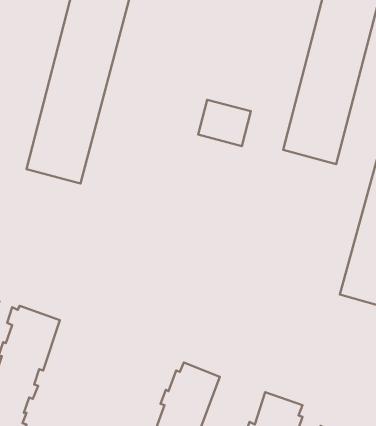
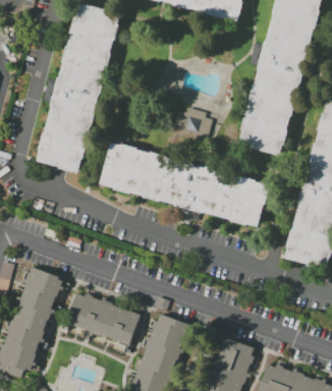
building: none -> [100,142,271,229]
building: none -> [66,292,140,344]

